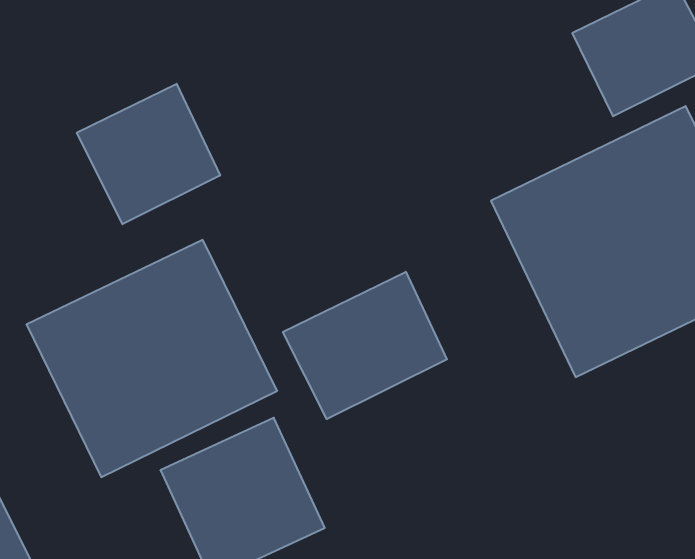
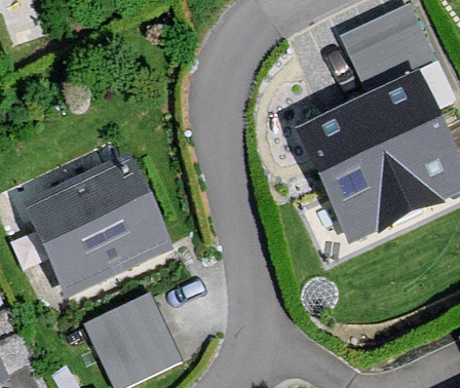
building: [77,84,220,224] -> none
building: [283,272,447,419] -> none

